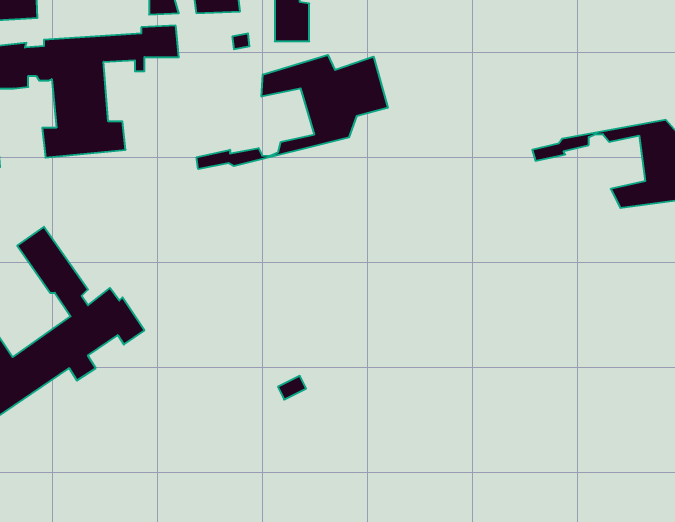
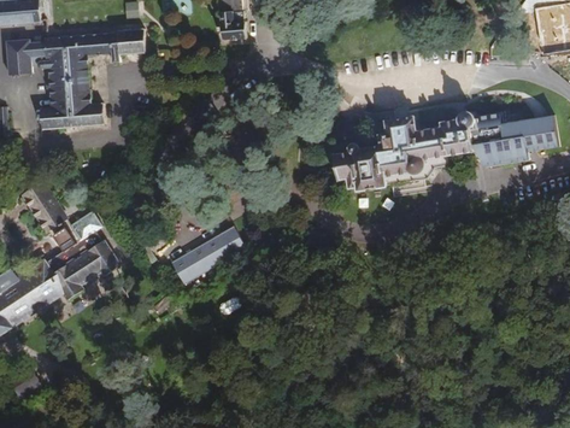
building: [197,55,388,169] -> none
building: none -> [330,112,504,195]
building: none -> [170,224,247,282]

